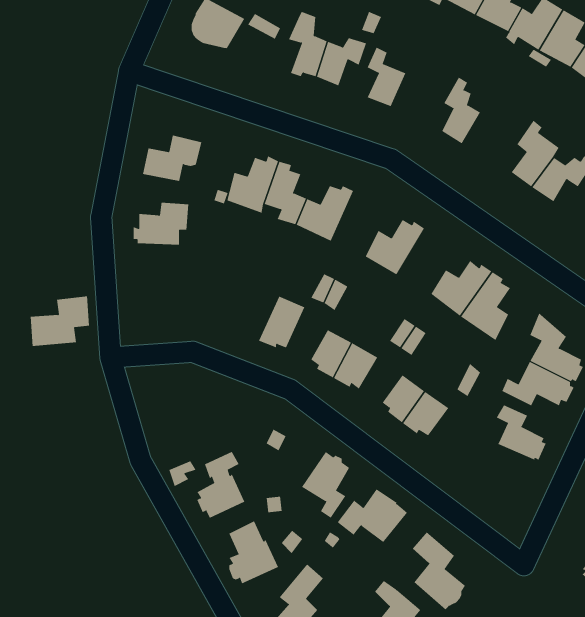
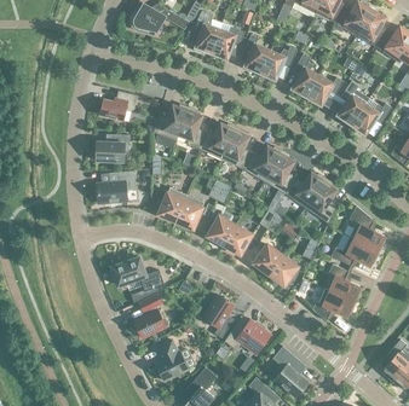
building: none -> [260,46,298,79]
building: none -> [306,75,344,104]
building: none -> [221,126,252,168]
building: none -> [264,150,295,192]
building: none -> [159,186,188,222]
building: [30,296,90,346] -> [97,169,136,202]
building: none -> [110,256,162,285]
building: none -> [312,288,355,320]

